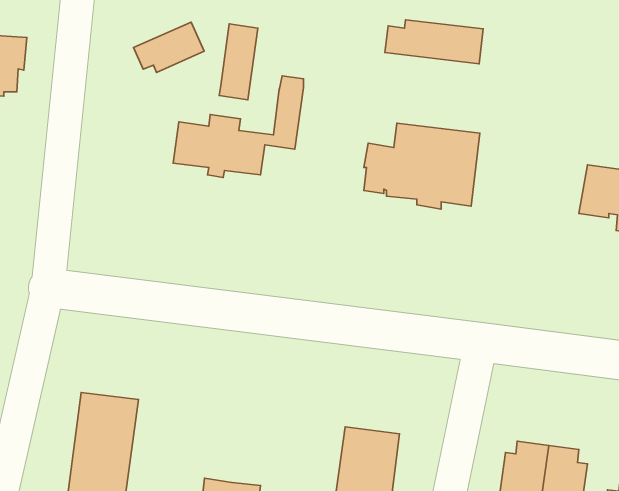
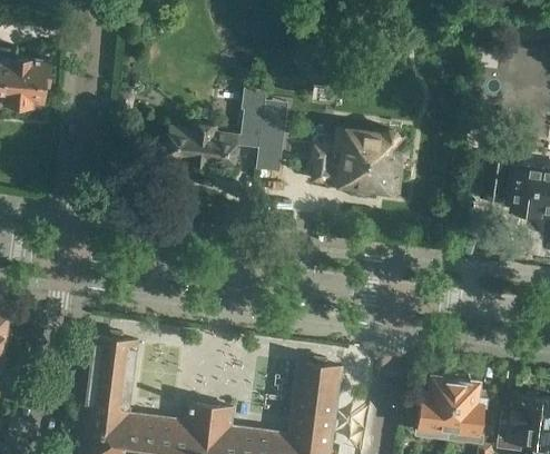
building: [385,20,483,64] -> none
building: [133,22,204,72] -> none
building: [219,24,258,100] -> [258,99,288,158]

